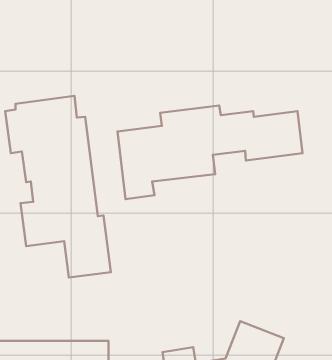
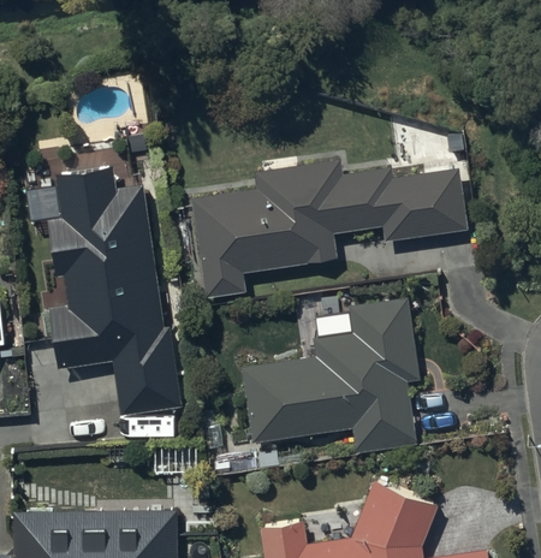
building: none -> [240,298,420,453]

